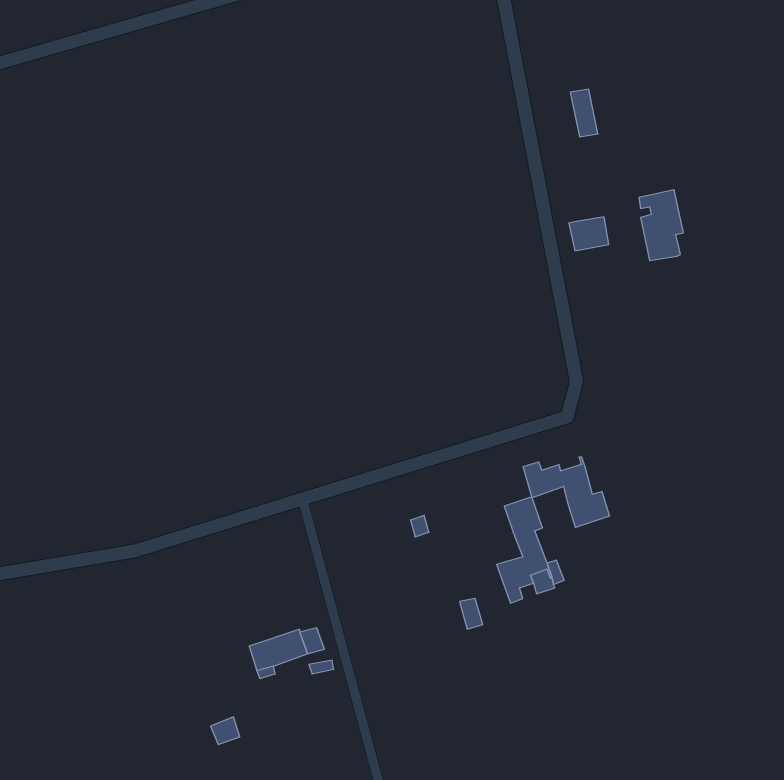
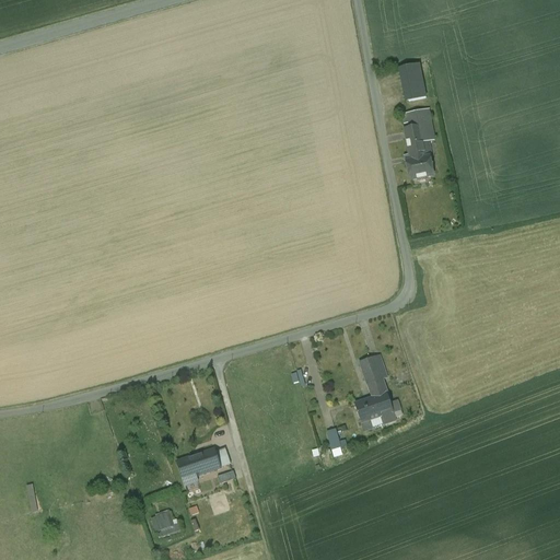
building: [639,190,683,261] -> [402,107,434,158]
building: [523,457,610,527] -> none

